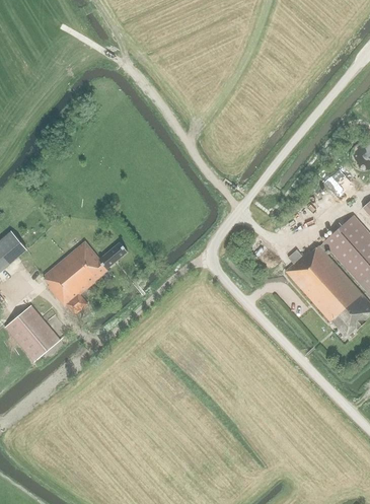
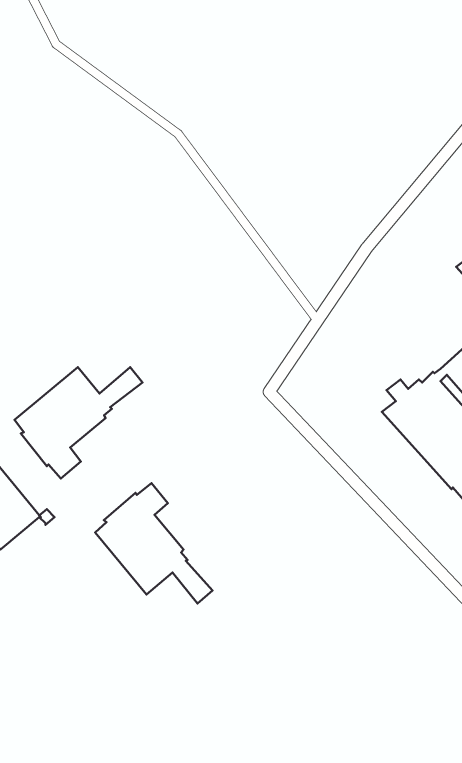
building: none -> [95,483,212,603]

